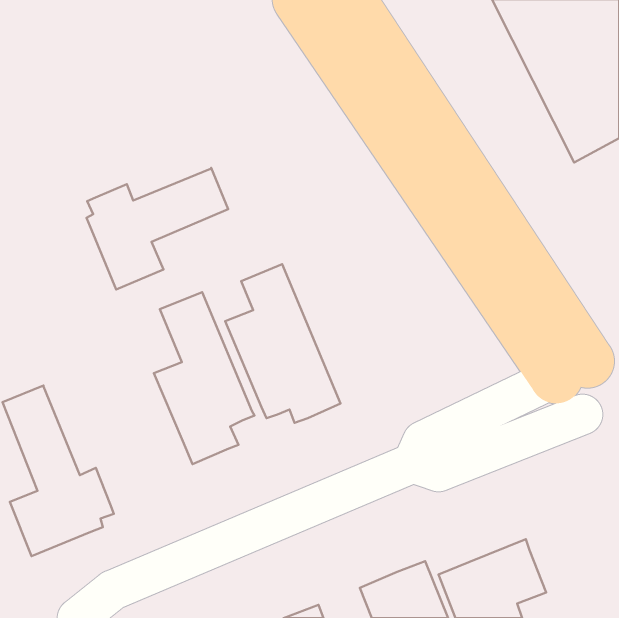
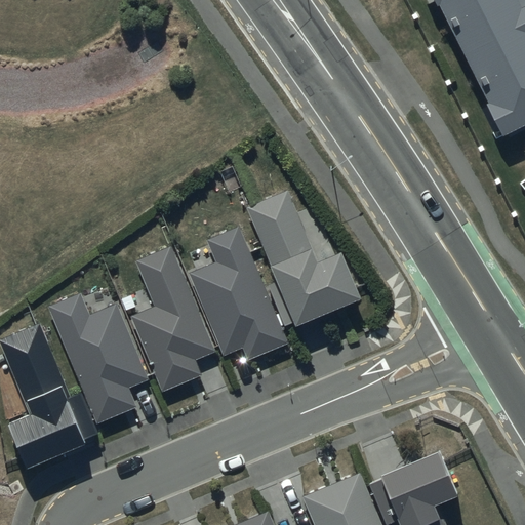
building: [86,168,228,289] -> none
building: none -> [246,190,360,325]
building: none -> [47,289,148,421]

